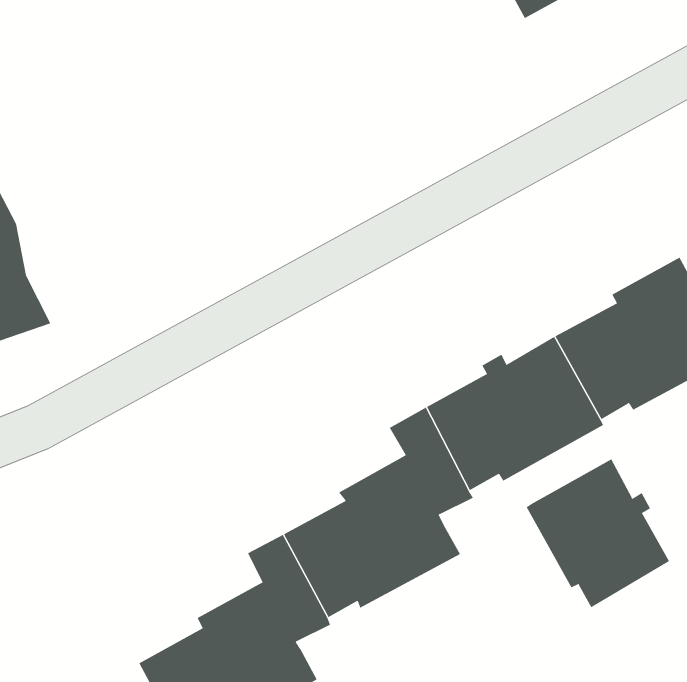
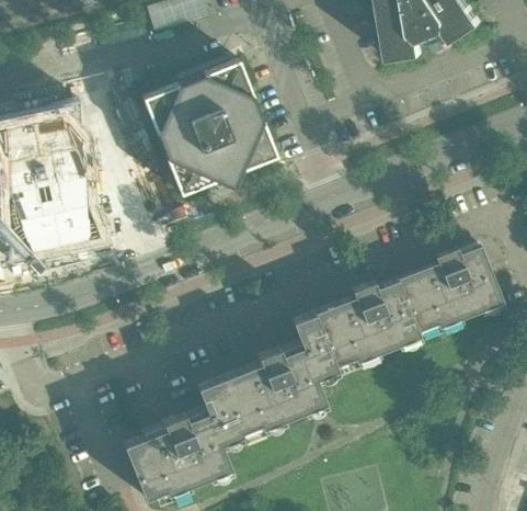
building: none -> [142,61,276,196]
building: [526,459,670,608] -> none

